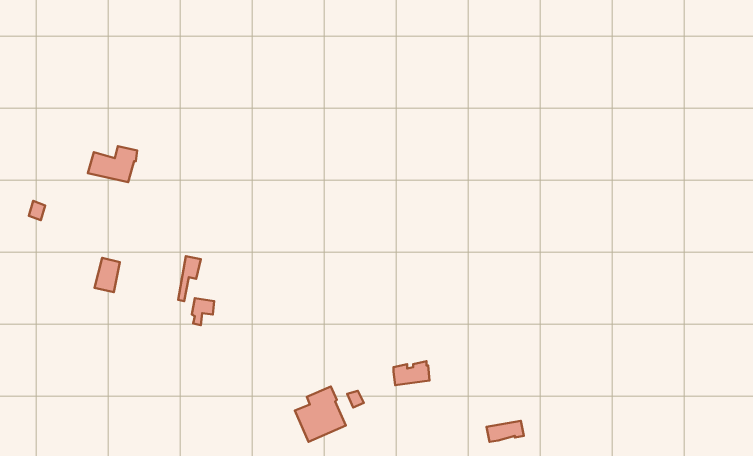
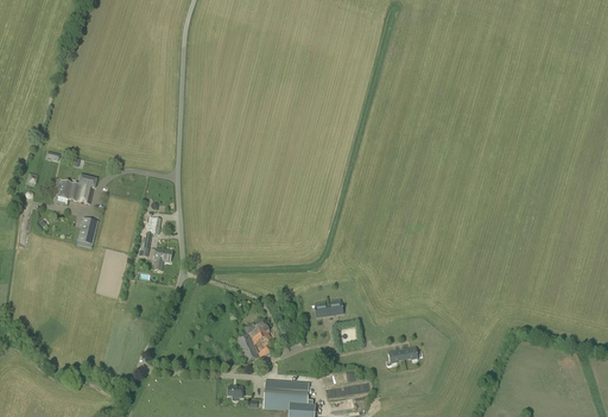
building: [88,146,137,182] -> [57,176,96,204]

